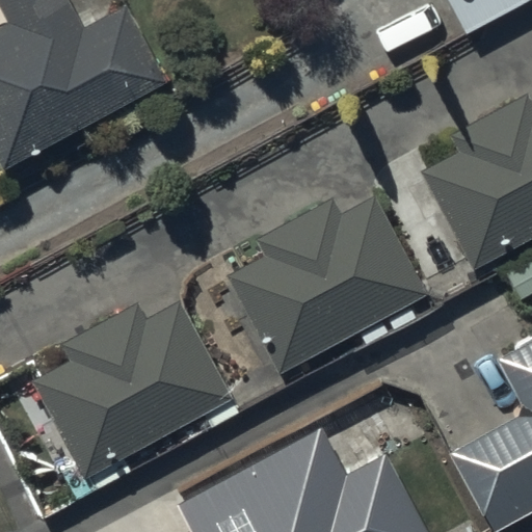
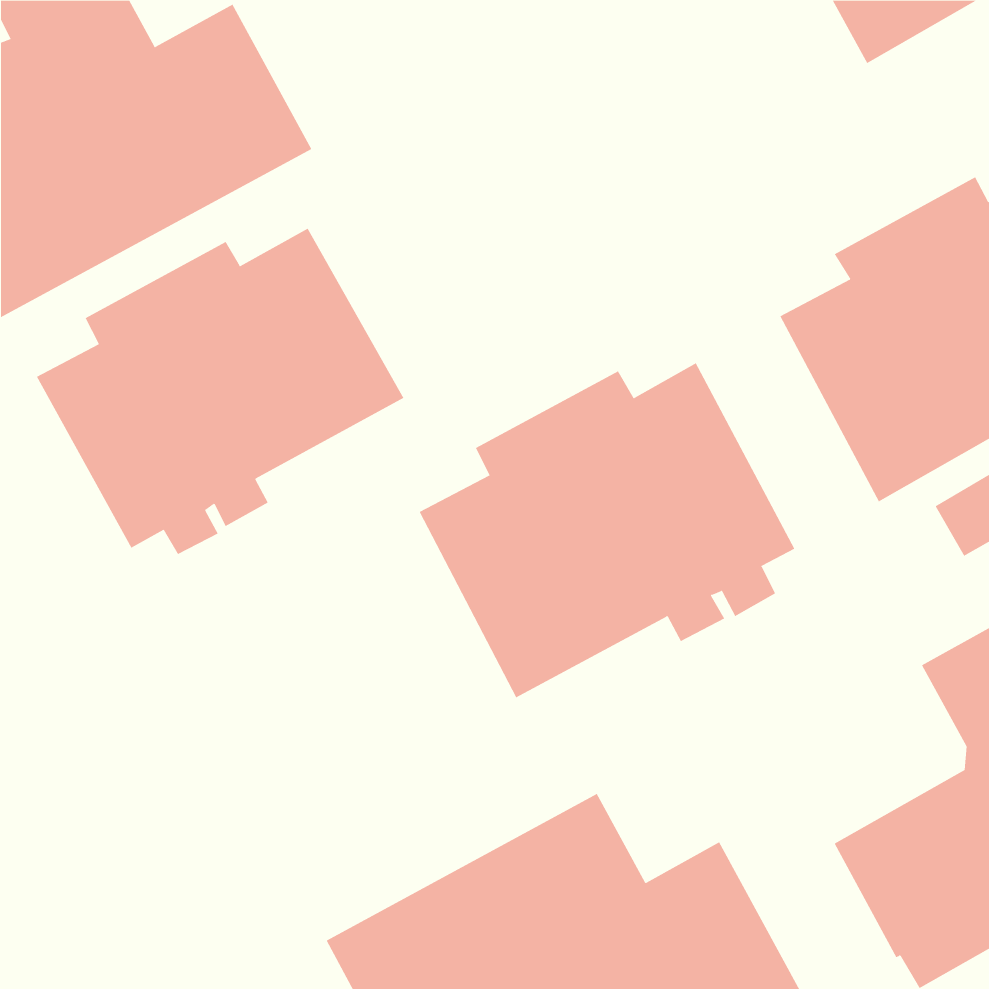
building: none -> [36,228,404,555]
building: [32,298,233,477] -> none

